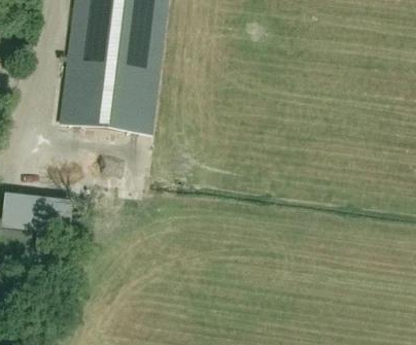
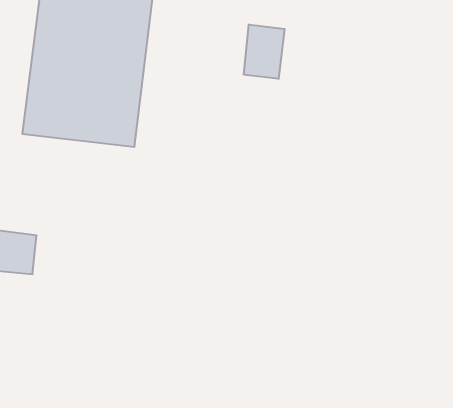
building: none -> [244,24,285,79]

